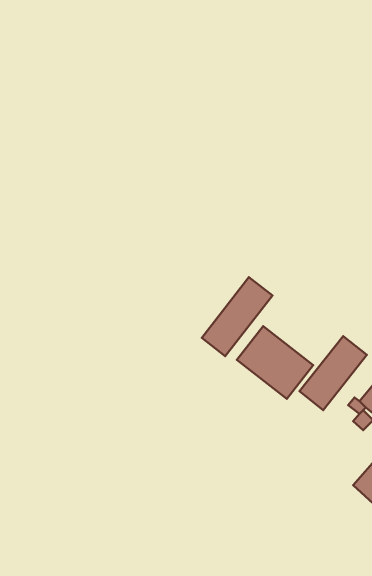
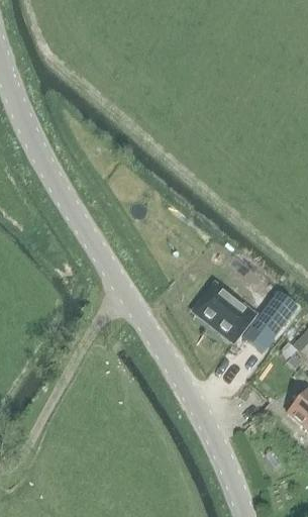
building: [202,277,272,356] -> none

